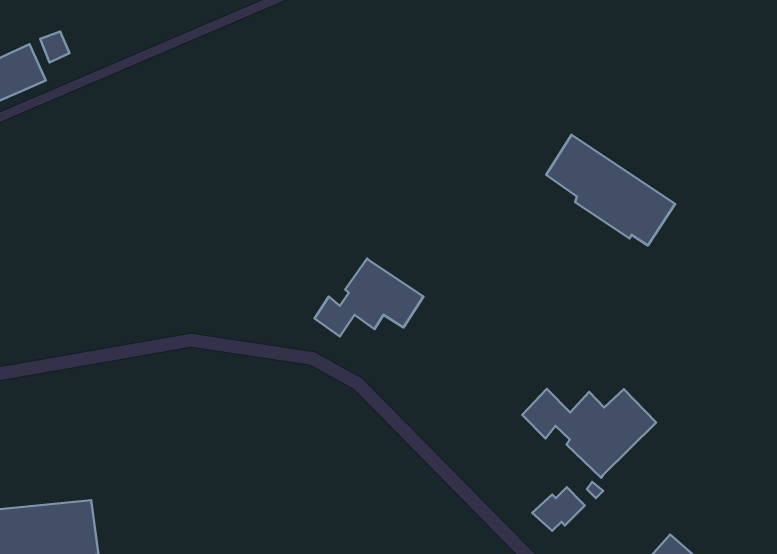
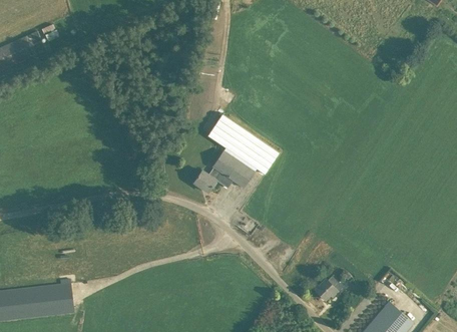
building: [546,135,675,246] -> [206,113,278,175]
building: [522,389,656,478] -> none

